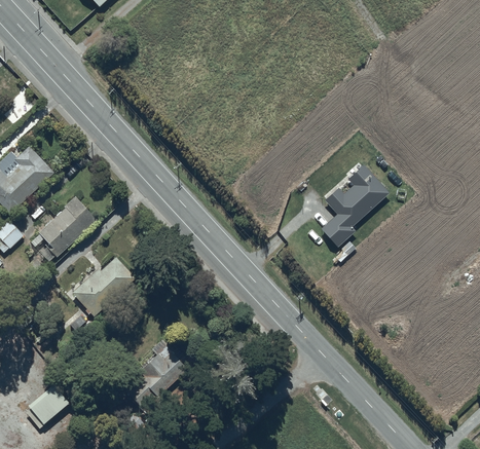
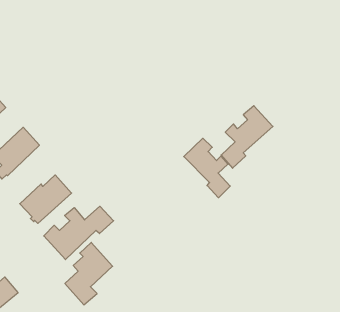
building: none -> [184,138,230,198]
building: none -> [44,206,114,260]

